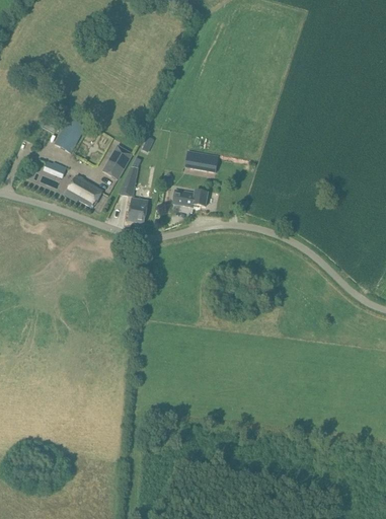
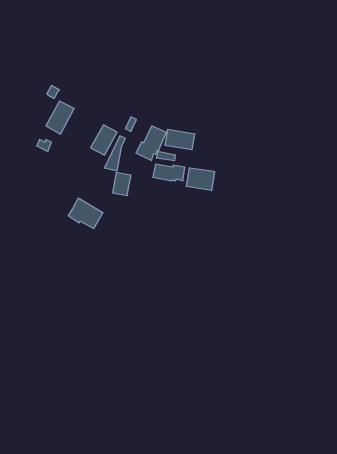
building: none -> [136,126,166,161]
building: [64,173,102,207] -> [68,198,103,228]
building: none -> [186,168,214,191]

